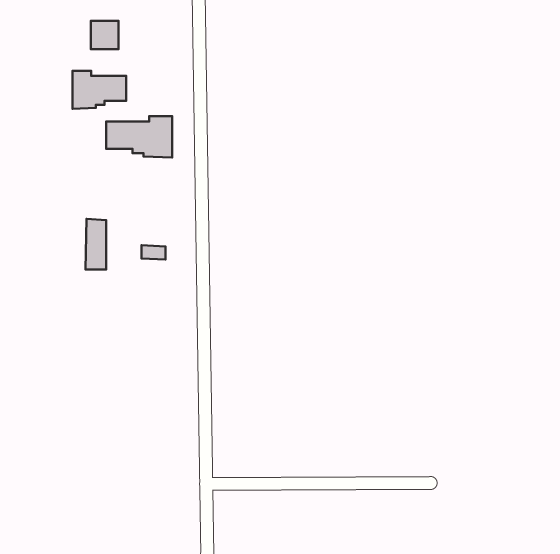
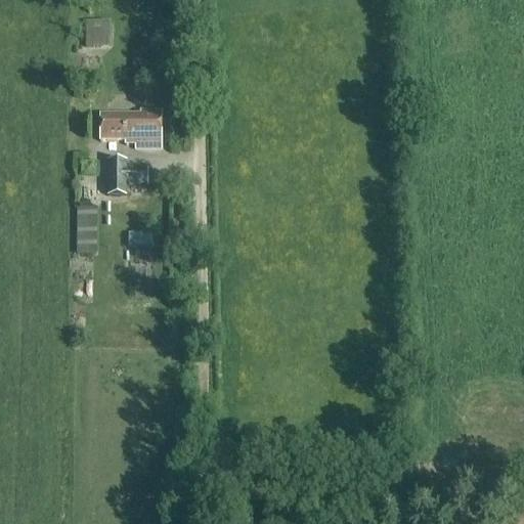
building: [72,71,126,109] -> none
building: none -> [105,159,147,194]

